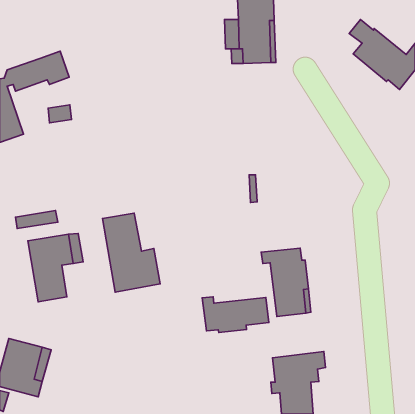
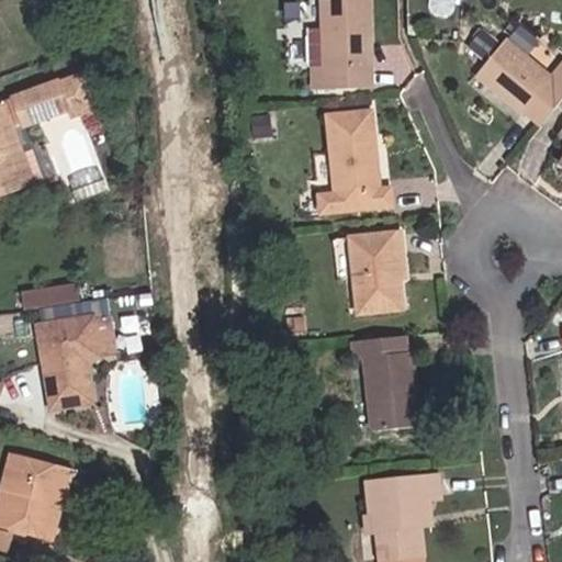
building: none -> [323,111,390,212]
building: none -> [350,232,404,312]
building: [103,213,160,292] -> none
building: [202,297,269,333] -> none

